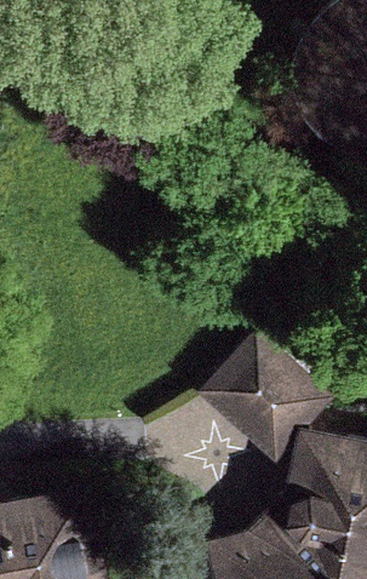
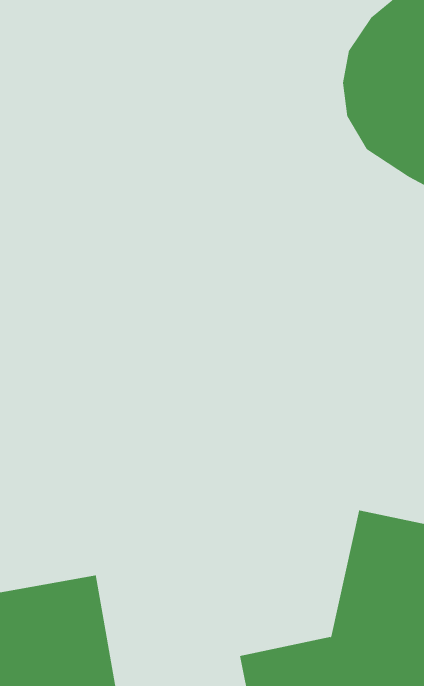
building: [199,328,328,457] -> none

